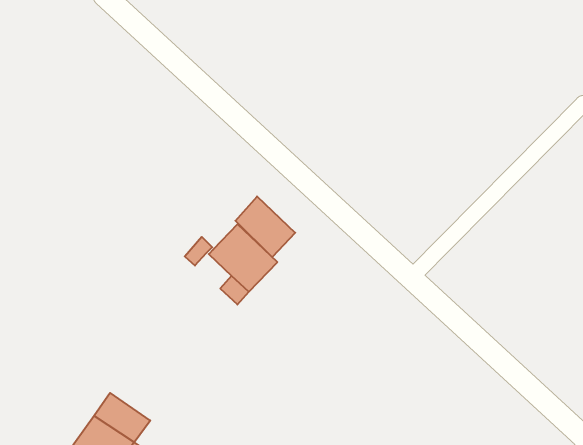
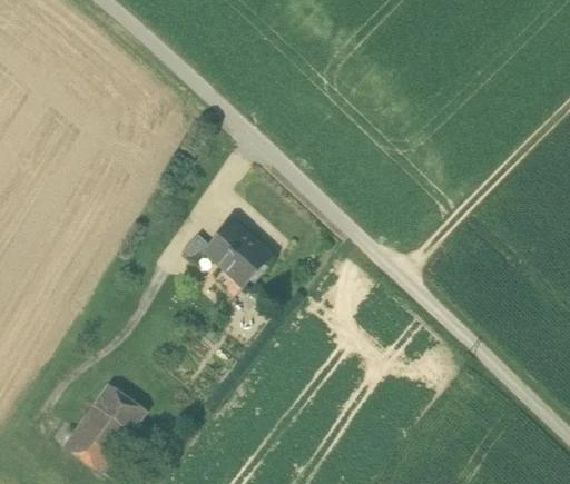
building: [235,196,295,257] -> none

